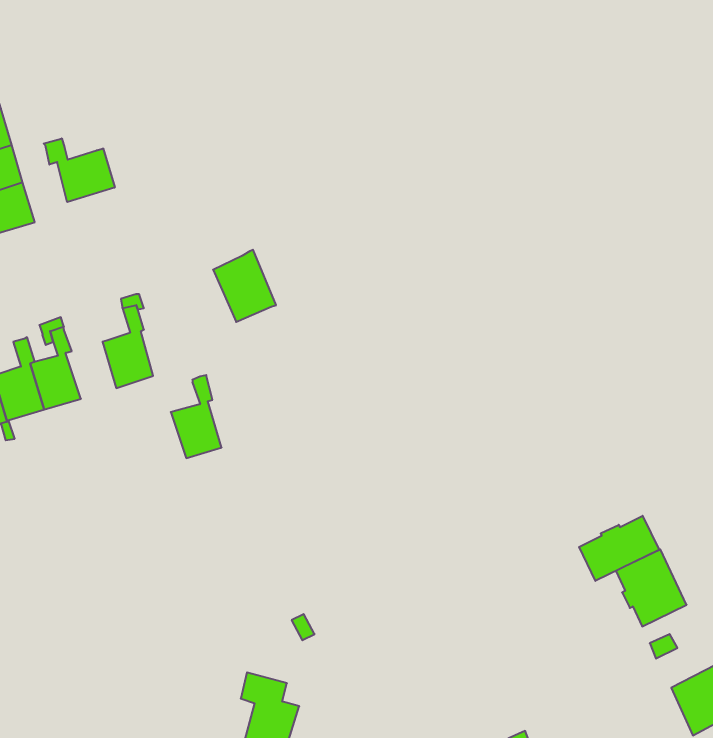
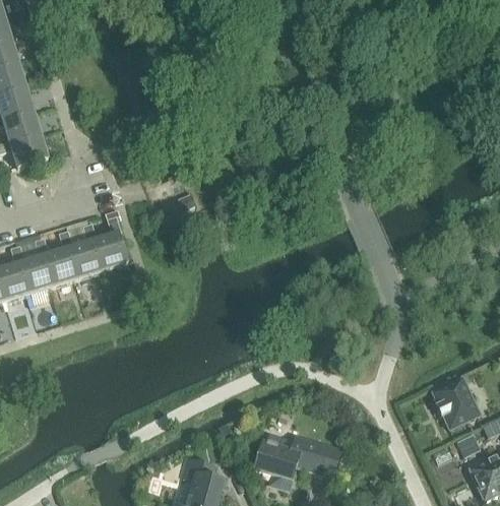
building: [44,138,115,202] -> none
building: [171,375,222,458] -> [69,223,103,277]
building: [579,516,659,581] -> none
building: none -> [254,435,340,487]

